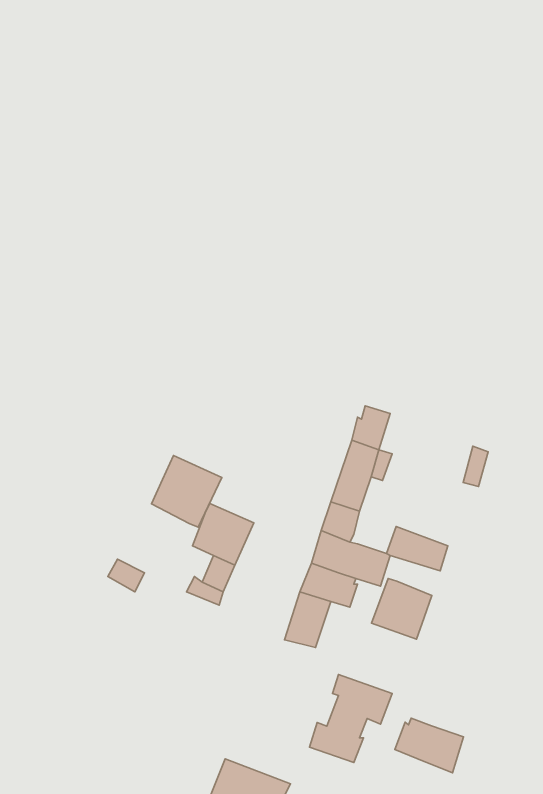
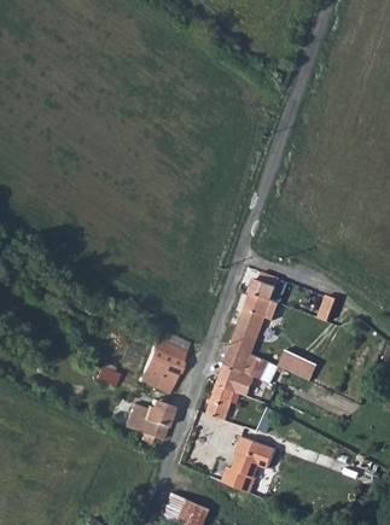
building: [151,455,222,527] -> none
building: [372,578,432,639] -> none
building: none -> [122,398,173,442]
building: [395,718,464,773] -> none

